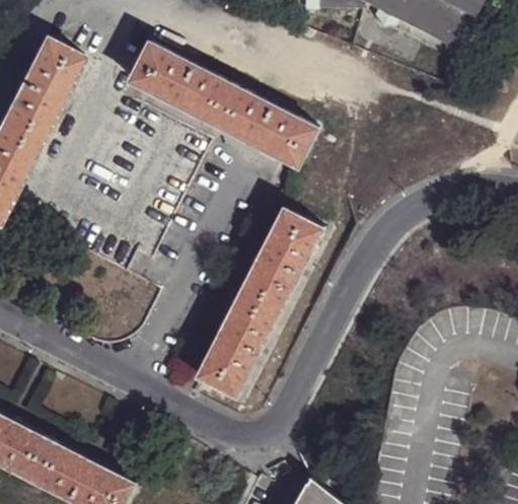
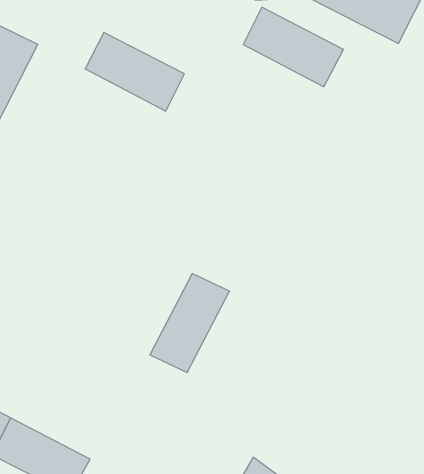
building: [215,85,318,167] -> [243,7,344,87]
building: [242,208,324,309] -> none

